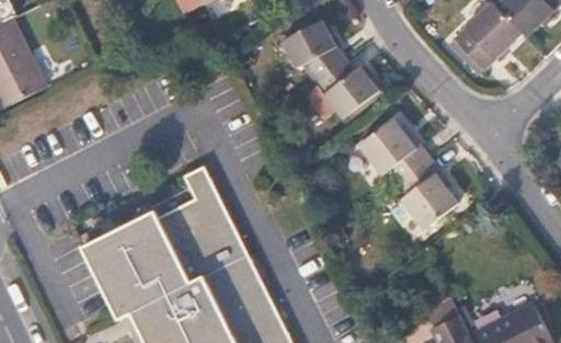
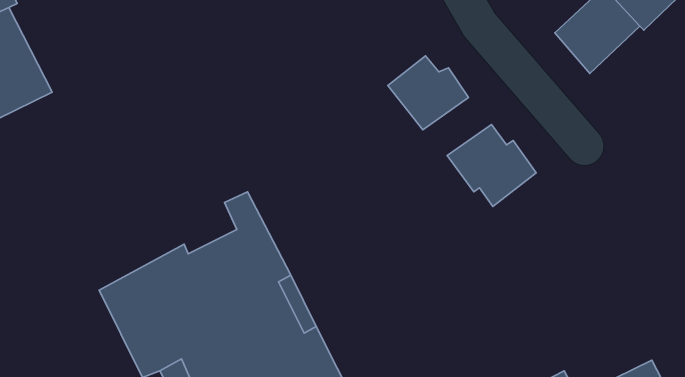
building: [282,19,346,81] -> none
building: [401,152,463,226] -> none

